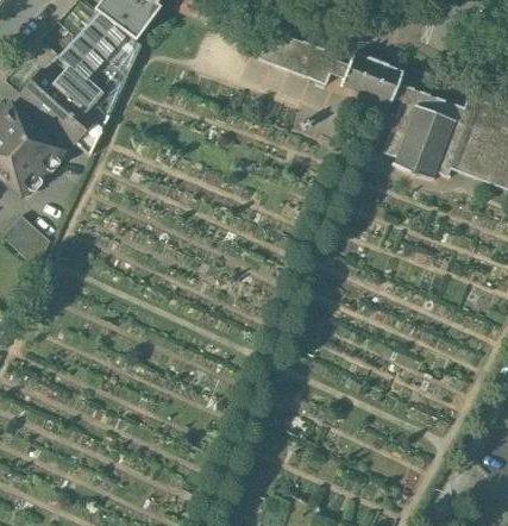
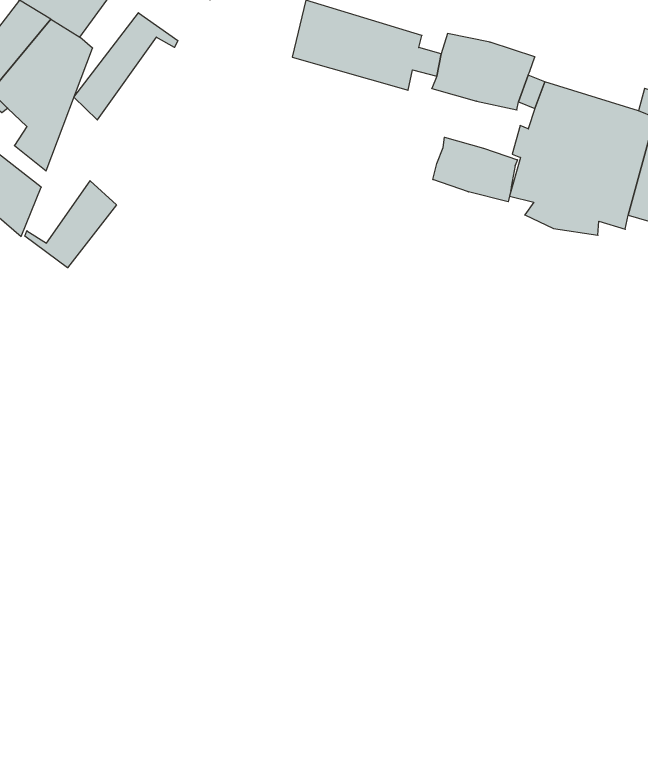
building: none -> [74,13,178,120]
building: none -> [433,137,517,202]
building: none -> [25,181,116,268]

